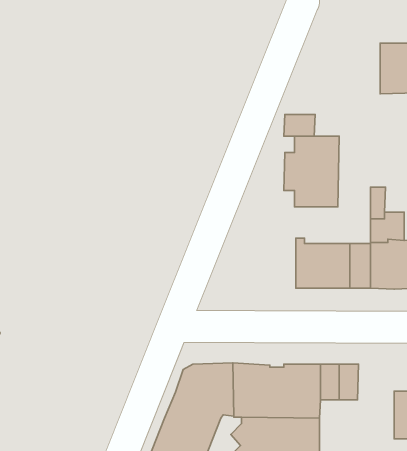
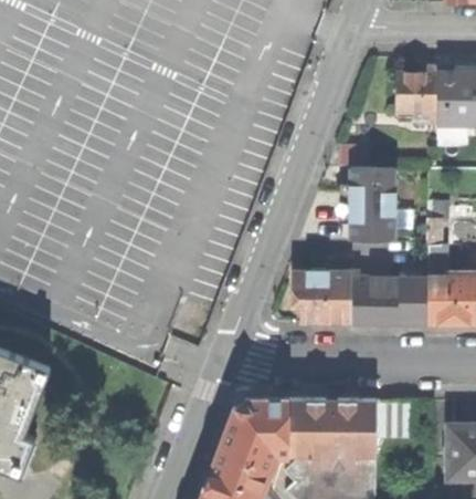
building: none -> [398,67,437,122]
building: none -> [293,272,351,323]

